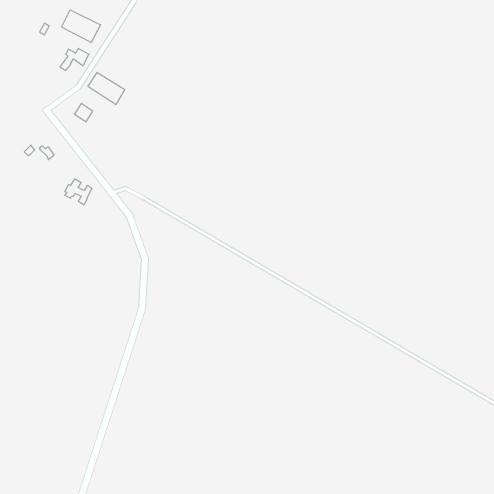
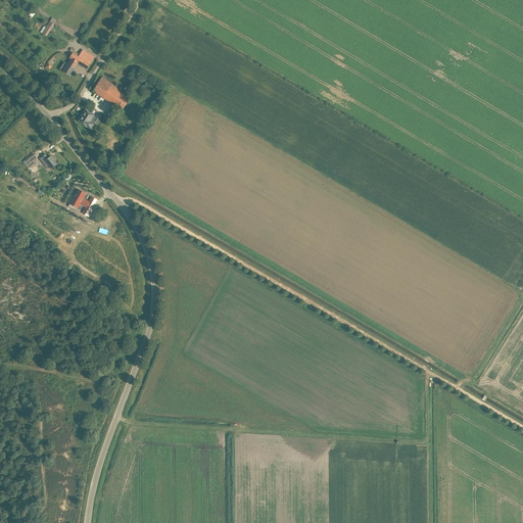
building: [62,10,101,43] -> none

